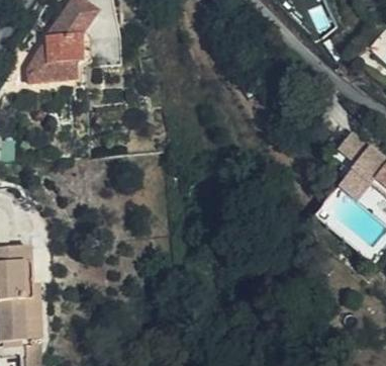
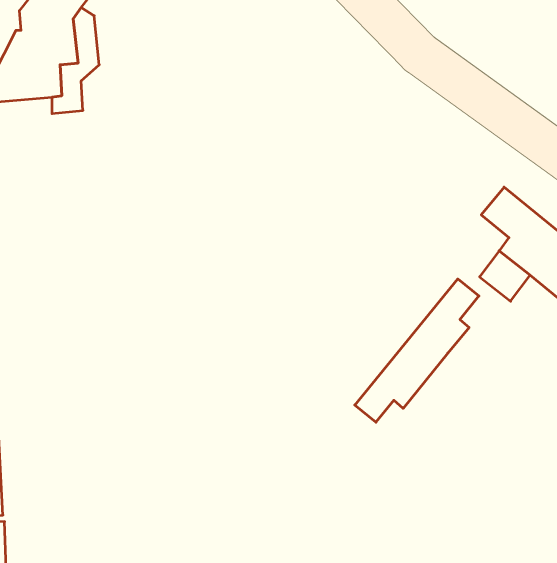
building: none -> [355,279,479,422]

